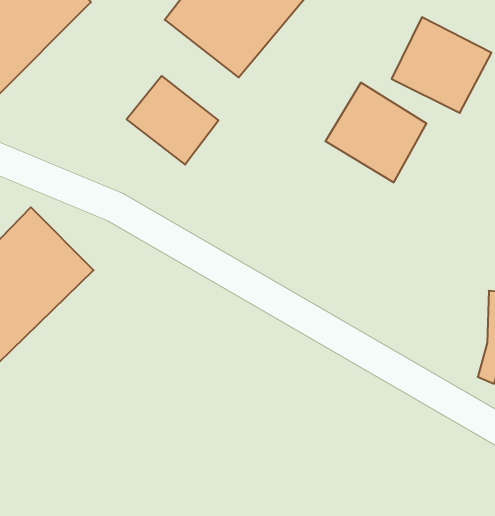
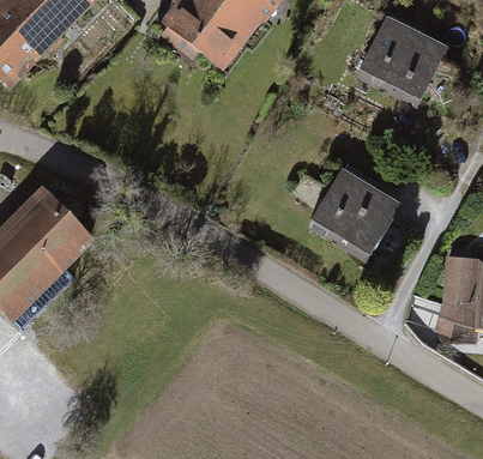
building: [127,76,218,165] -> none
building: [325,83,427,182] -> [309,169,398,256]

